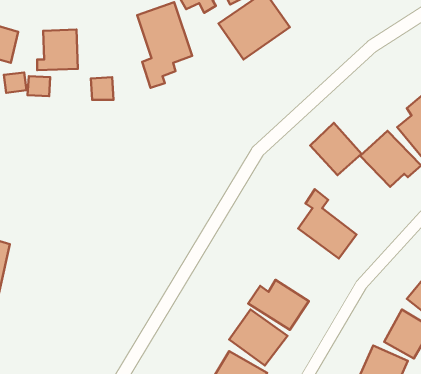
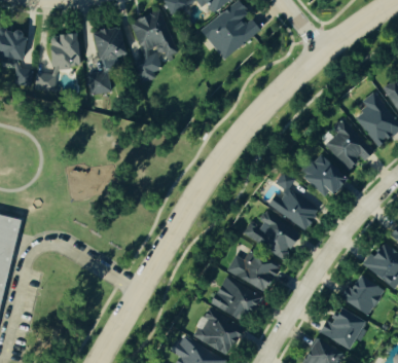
building: none -> [91,25,128,67]
building: [310,123,361,175] -> [301,152,346,197]
building: none -> [244,213,300,258]

